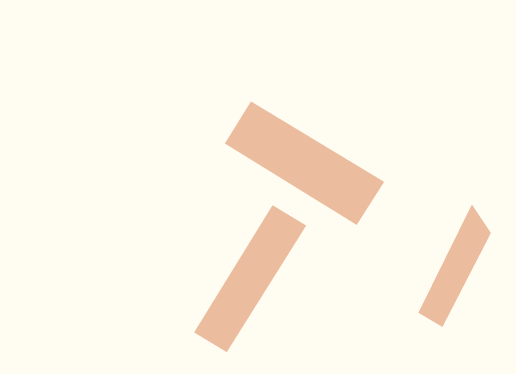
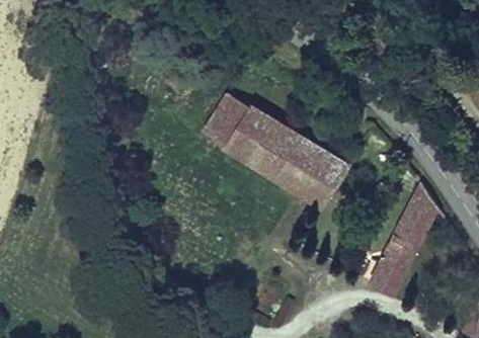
building: [193,204,307,353] -> none

